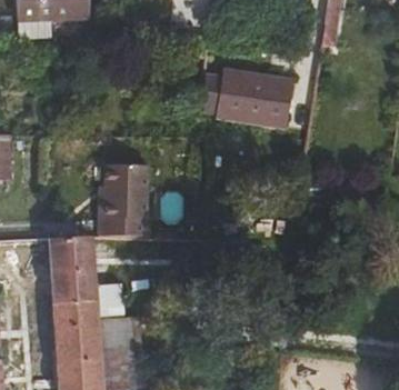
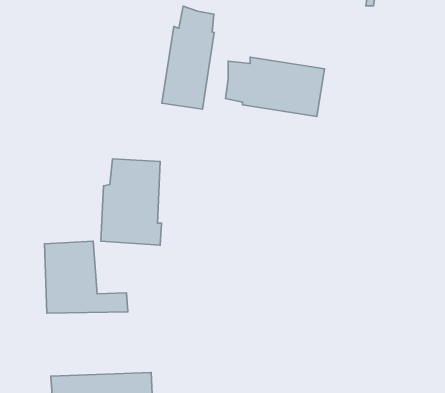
building: none -> [162,6,214,109]
building: [51,296,141,351] -> none

